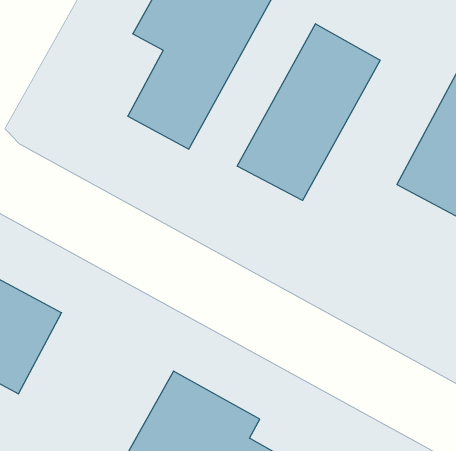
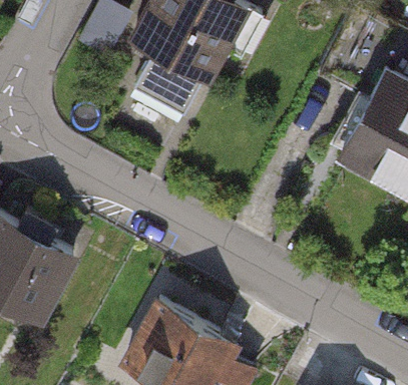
building: [237,24,380,200] -> none

